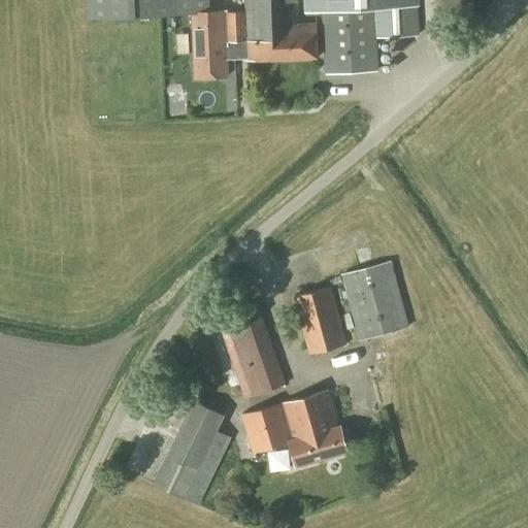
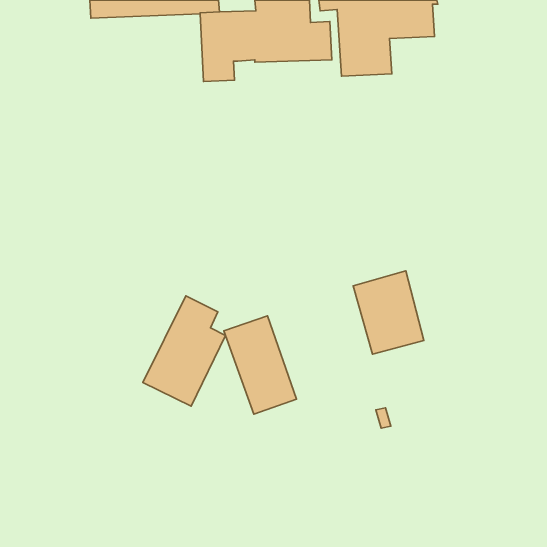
building: [293,287,346,355] -> none
building: [240,390,348,467] -> none
building: [152,400,231,506] -> [143,296,225,406]

